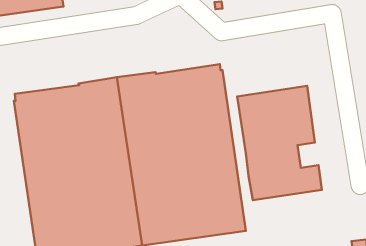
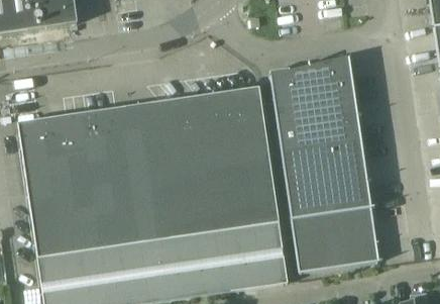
building: none -> [269,55,358,125]
building: none -> [347,179,371,208]
building: none -> [296,233,379,271]

